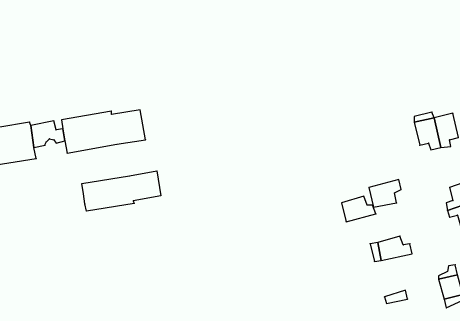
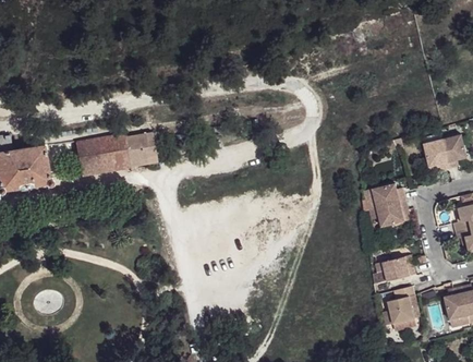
building: [82,171,161,211] -> none
building: [342,196,376,222] -> [374,183,408,208]
building: none -> [388,285,416,313]

